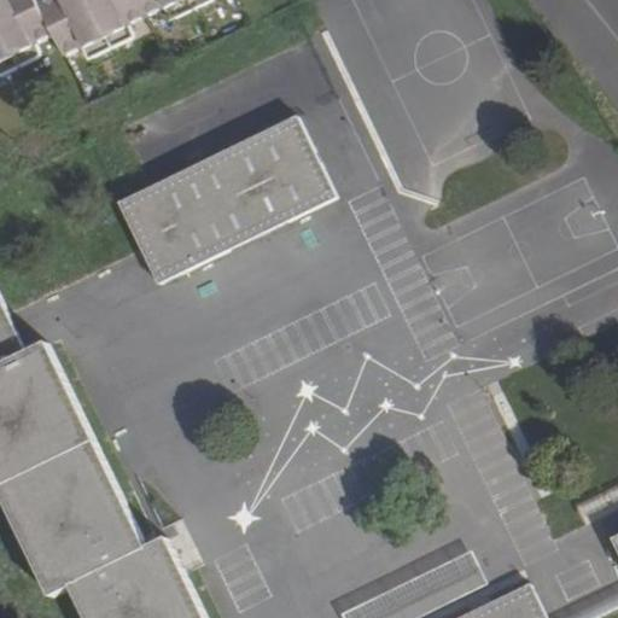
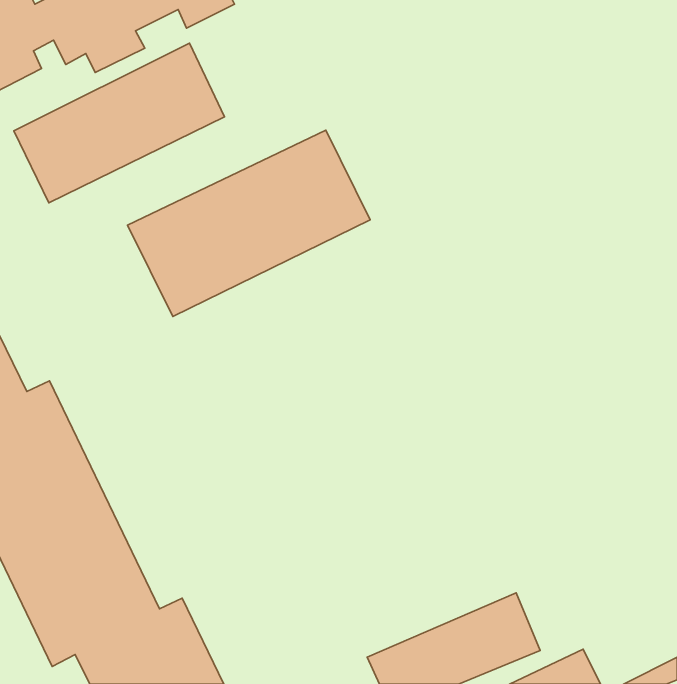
building: none -> [14,43,225,203]

